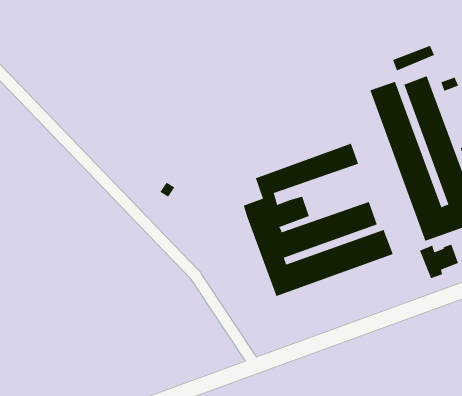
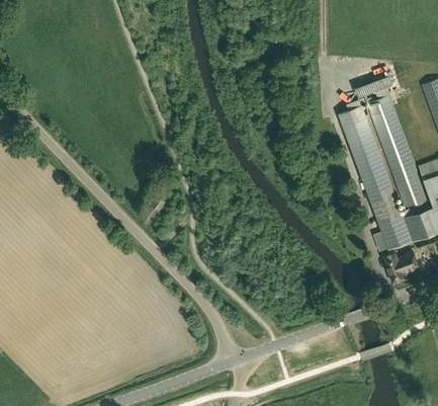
building: [243,143,393,297] -> none

